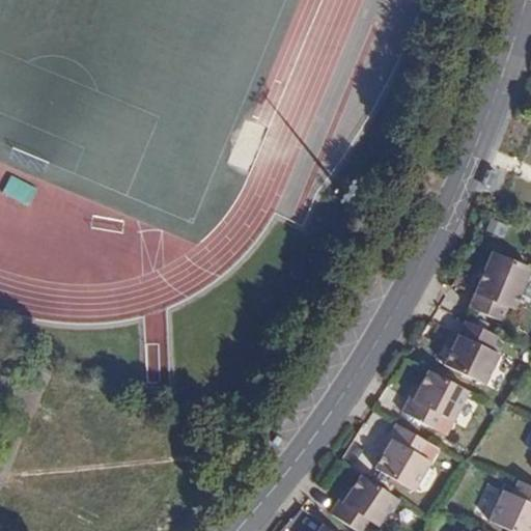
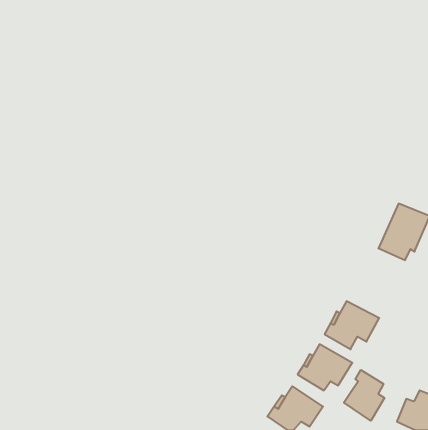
building: [446,322,499,384] -> none
building: none -> [344,370,384,421]

